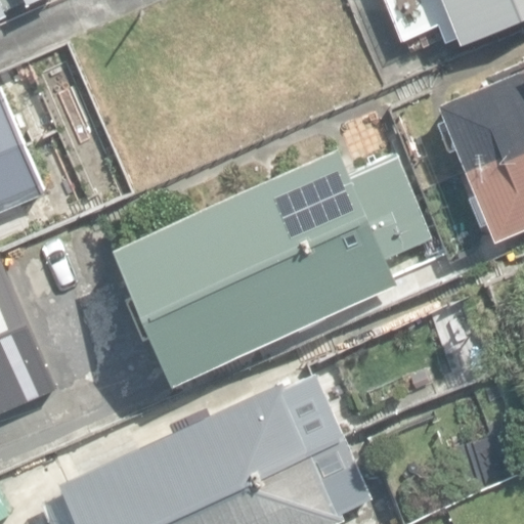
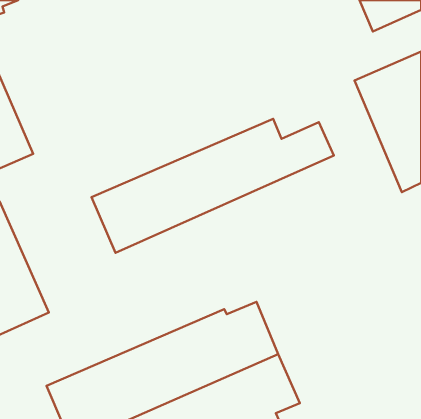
building: [142,199,430,386] -> none

